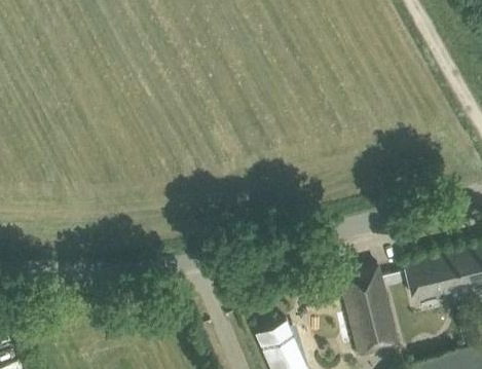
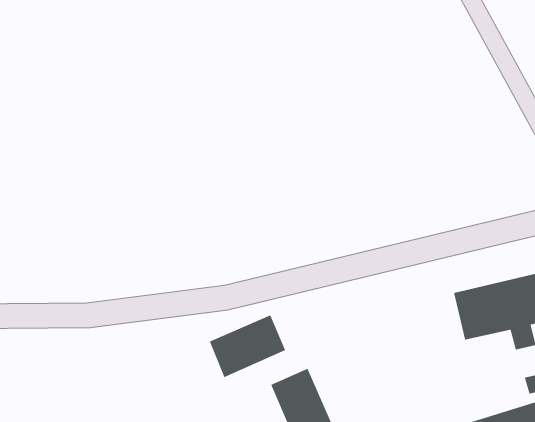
building: [339,269,395,359] -> none
building: none -> [209,314,286,378]

